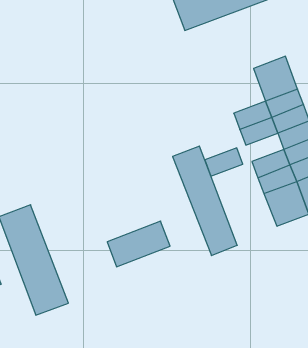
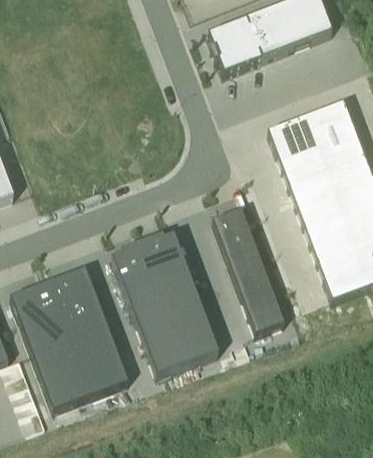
building: none -> [268,113,320,166]
building: [205,148,243,176] -> [297,189,341,222]
building: none -> [112,231,198,315]
building: none -> [46,258,127,387]
building: none -> [146,320,220,374]

